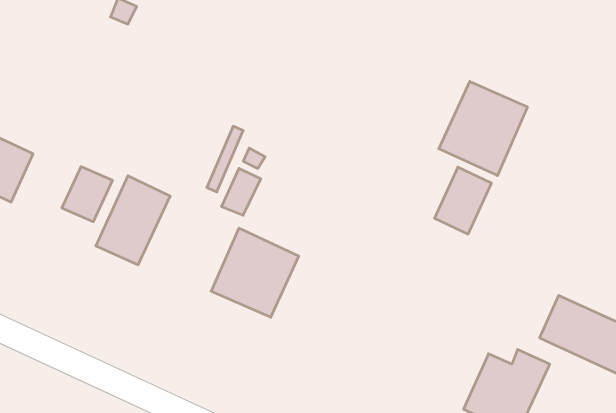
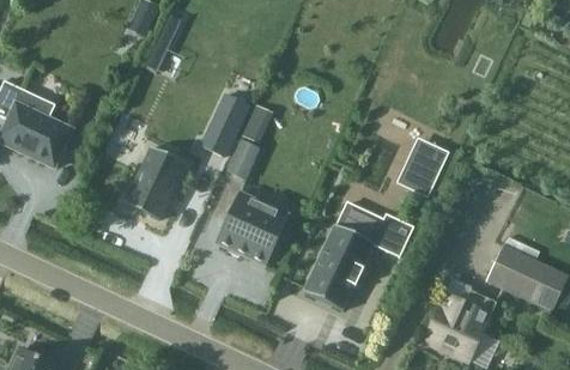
building: [439,81,527,176] -> none
building: [62,167,112,222] -> none
building: none -> [303,202,413,310]

